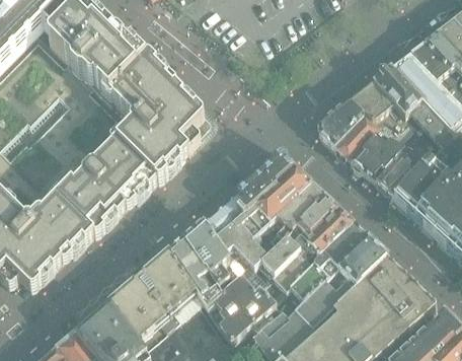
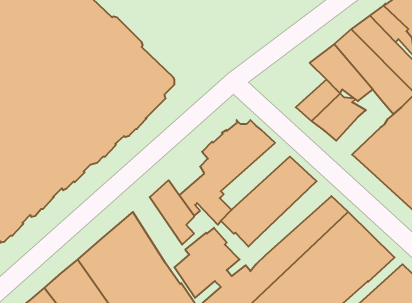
building: [319,100,366,146] -> none
building: [376,139,435,195] -> none
building: [256,183,328,251] -> none
building: [204,192,244,236] -> none
building: [290,222,371,298] -> none
building: [167,238,225,310] -> none

